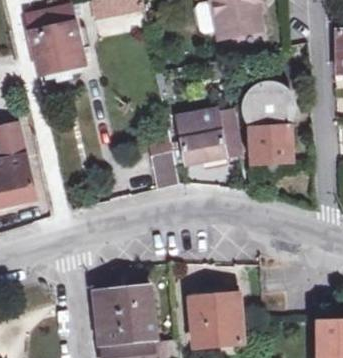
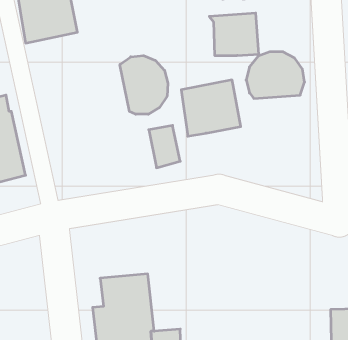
building: none -> [120,56,168,114]
building: [246,124,292,163] -> [209,13,259,55]
building: [188,287,240,345] -> none

